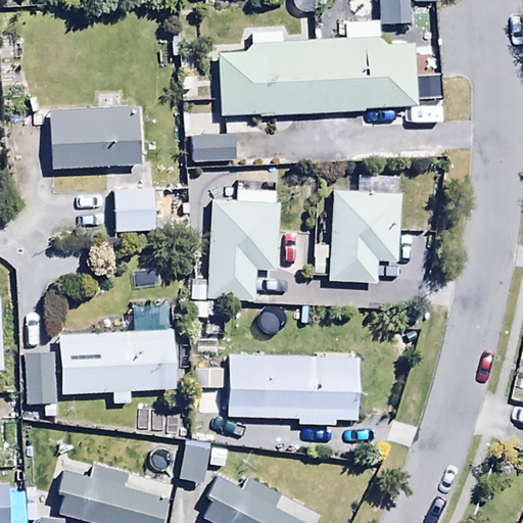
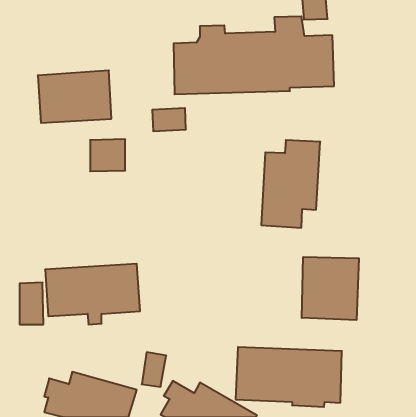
building: [209,191,280,300] -> none
building: none -> [302,257,359,320]
building: [228,351,361,426] -> [236,347,342,407]

